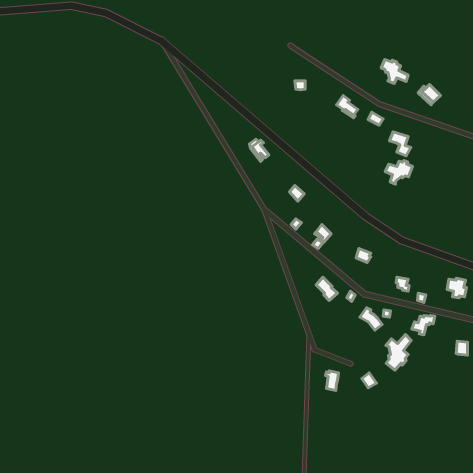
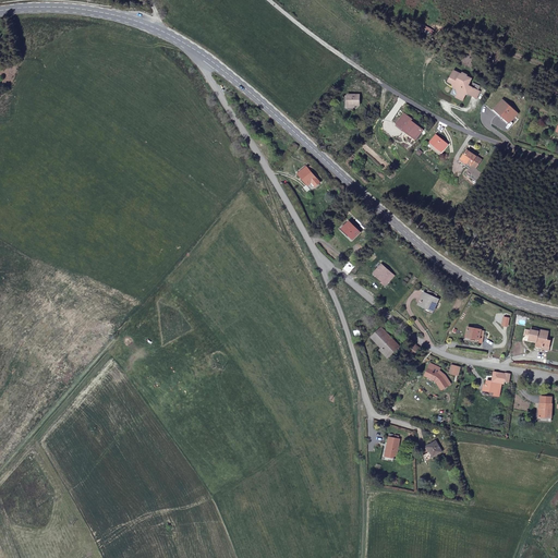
building: [385,160,412,184] -> none
building: [386,334,411,370] -> none

